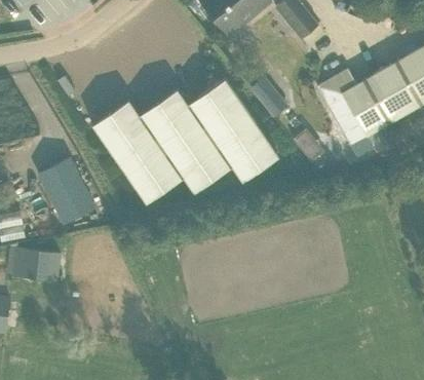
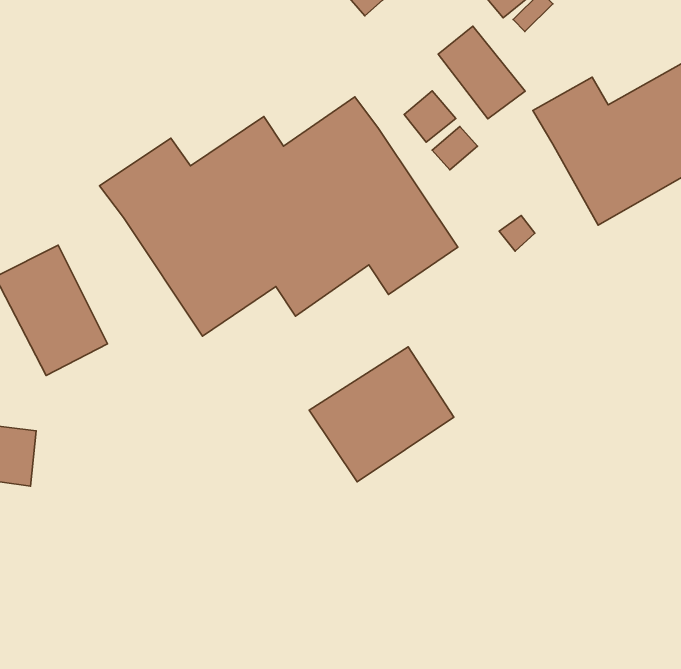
building: none -> [438,26,525,119]
building: none -> [309,347,454,482]

